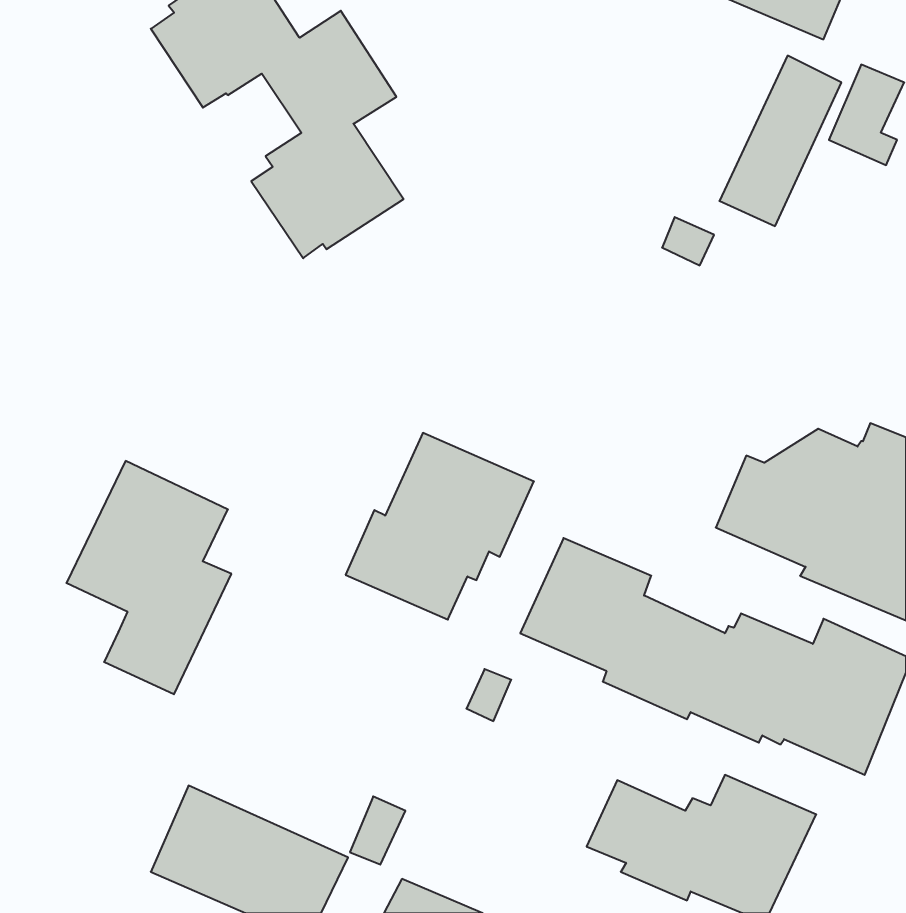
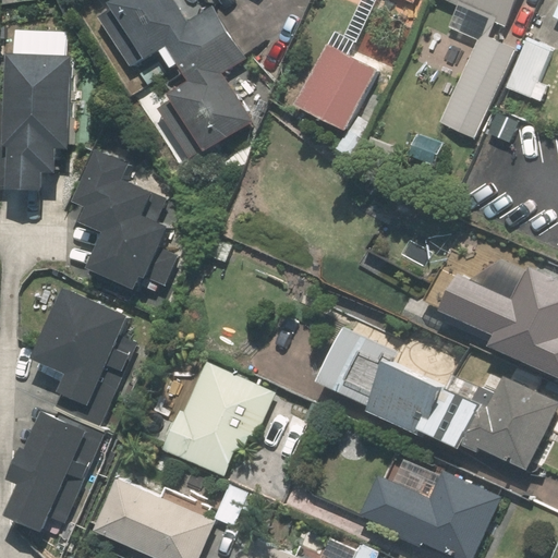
building: none -> [290,44,372,130]
building: none -> [11,46,84,187]
building: none -> [86,142,180,284]
building: [346,433,534,620] -> [159,362,274,475]
building: none -> [10,407,108,529]

